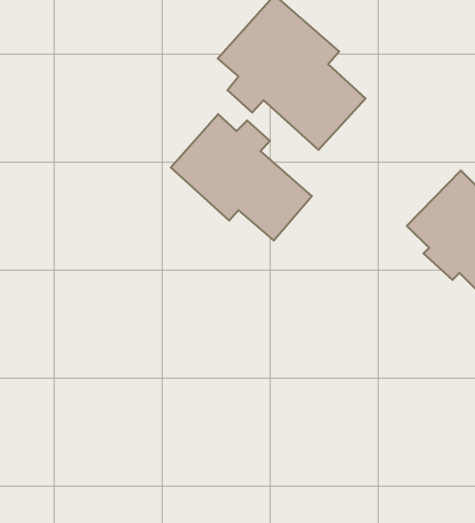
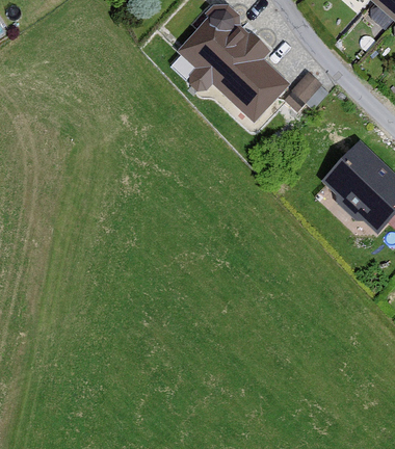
building: [171,114,312,240] -> none

